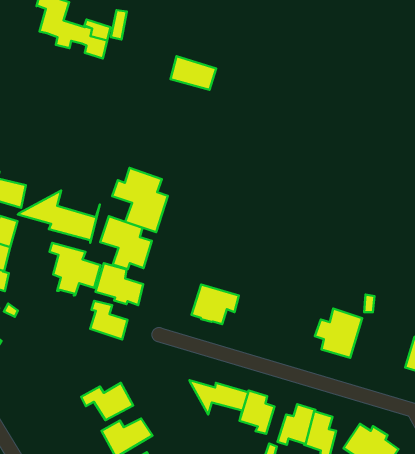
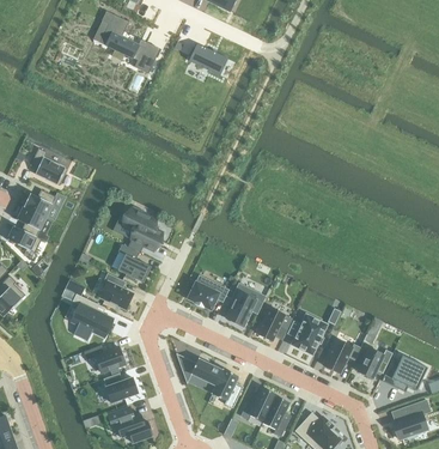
building: [170,56,216,90] -> [189,42,228,74]
building: [112,168,168,232] -> none
building: [18,190,100,243] -> none
building: [49,243,101,295] -> [72,293,112,340]
building: none -> [226,283,263,327]
building: none -> [256,307,293,341]
building: none -> [322,339,360,372]

